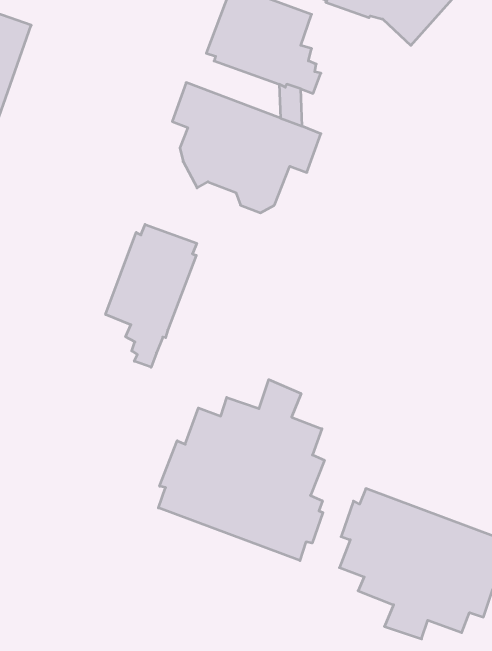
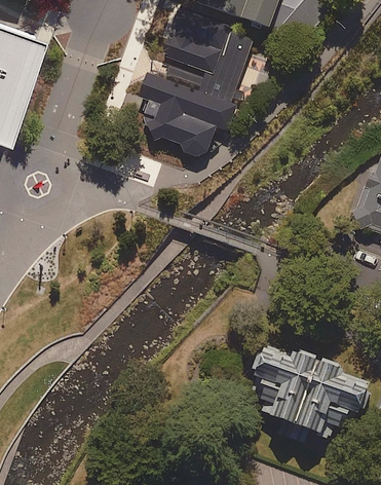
building: [106,224,197,367] -> none
building: [158,380,324,561] -> none

